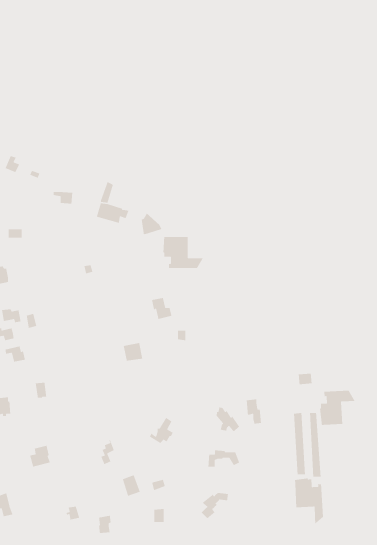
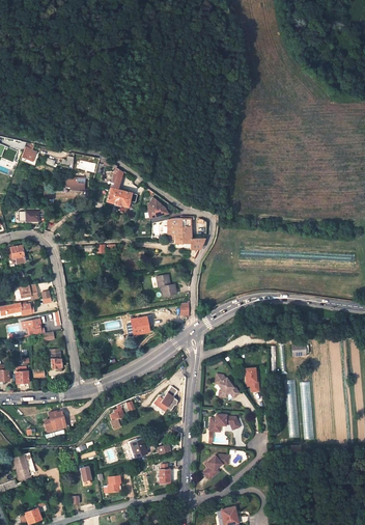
building: [319,390,356,426] -> none
building: [294,478,324,525] -> none

